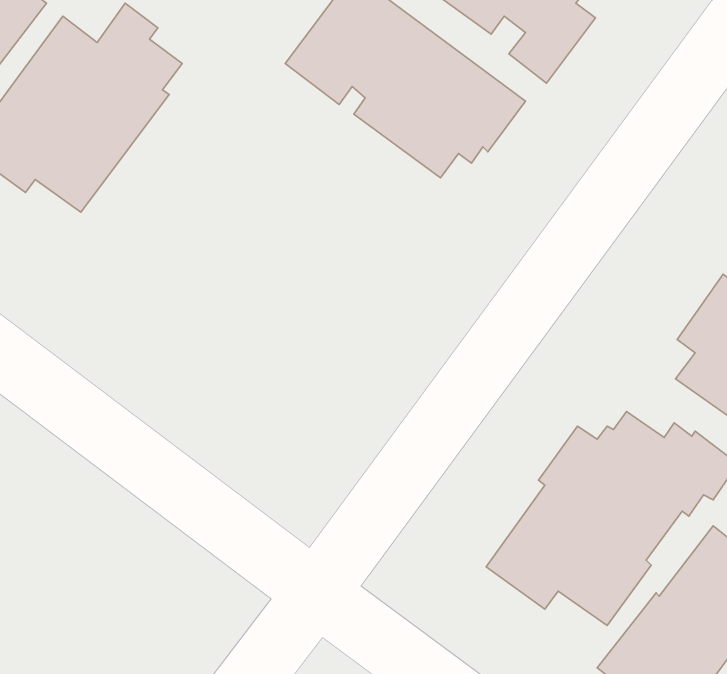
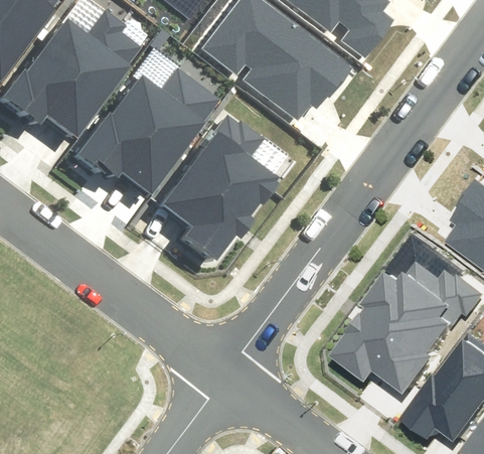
building: none -> [80,68,220,195]
building: none -> [159,113,279,259]

